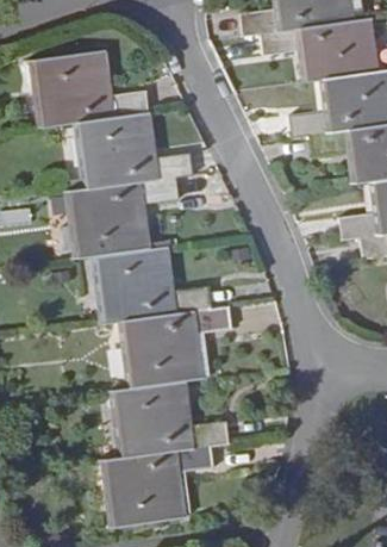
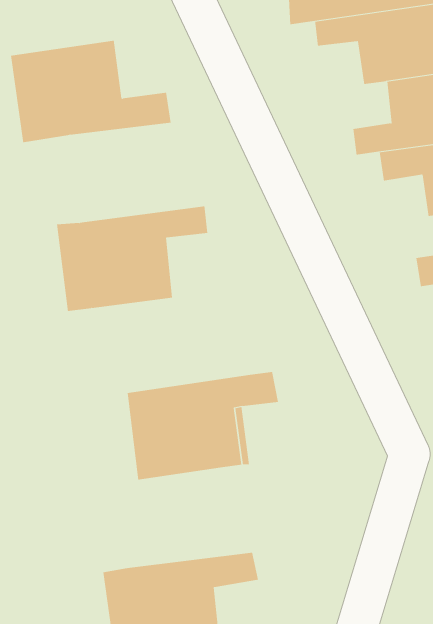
building: [71,112,194,189] -> none
building: [88,245,211,325] -> none
building: [107,380,232,458] -> none

